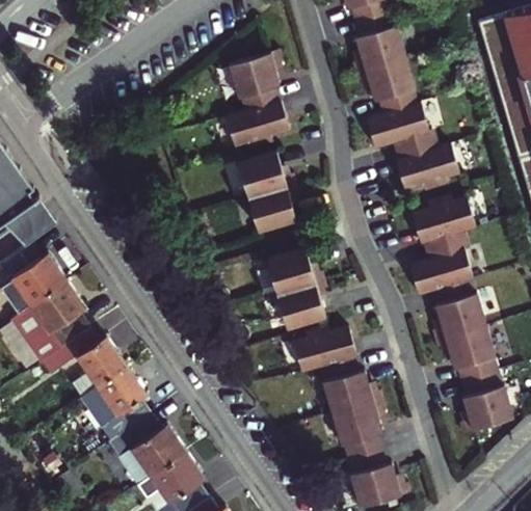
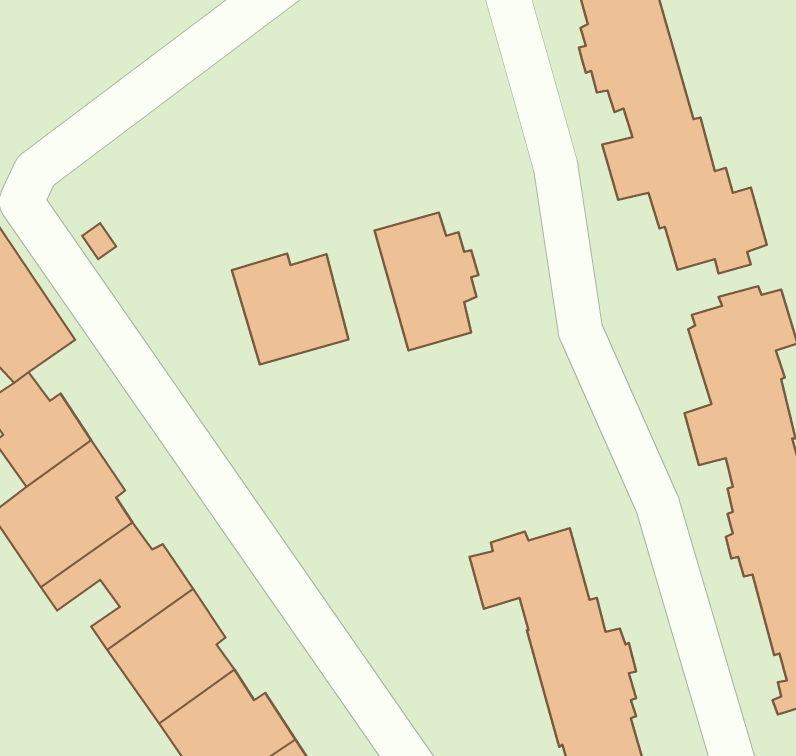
building: [218,44,285,144] -> none
building: none -> [232,253,349,365]
building: [262,249,323,329] -> none

